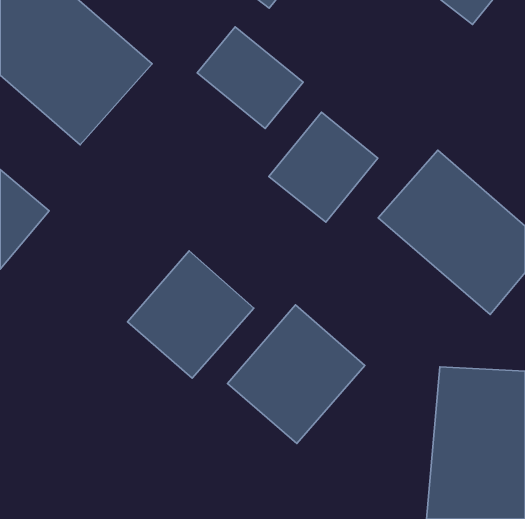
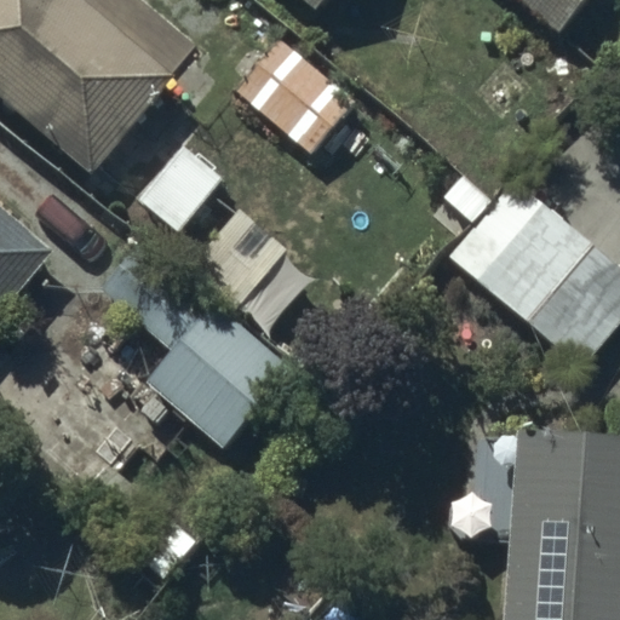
building: [269,112,378,222] -> none
building: [228,305,365,443] -> none

